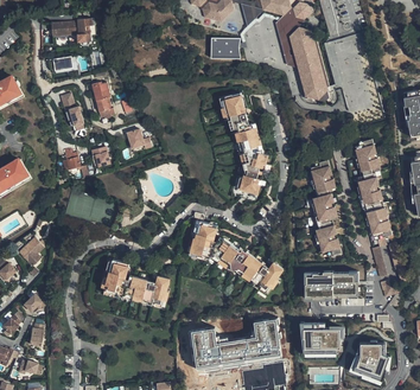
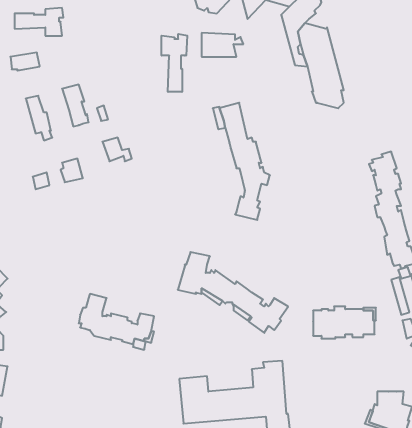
building: none -> [162,34,187,92]
building: [308,159,342,257] -> none
building: [304,322,341,352] -> none

